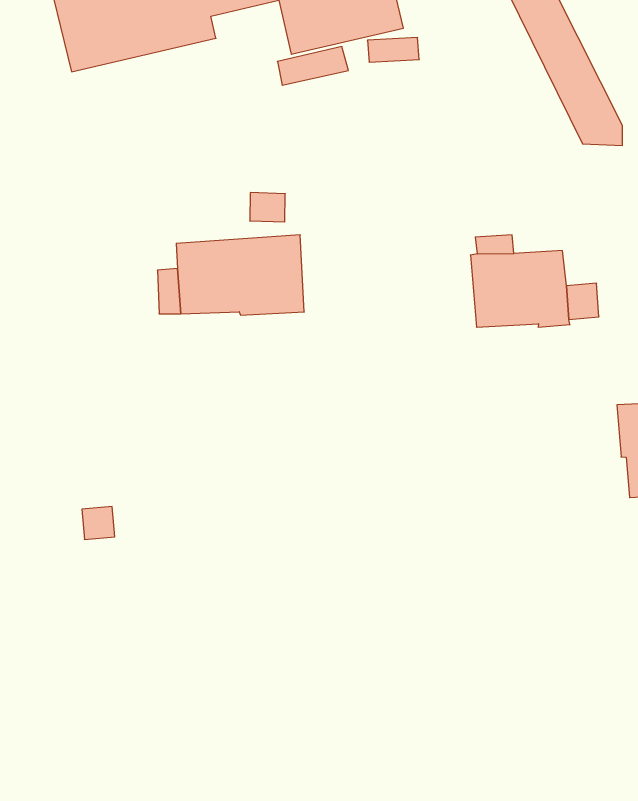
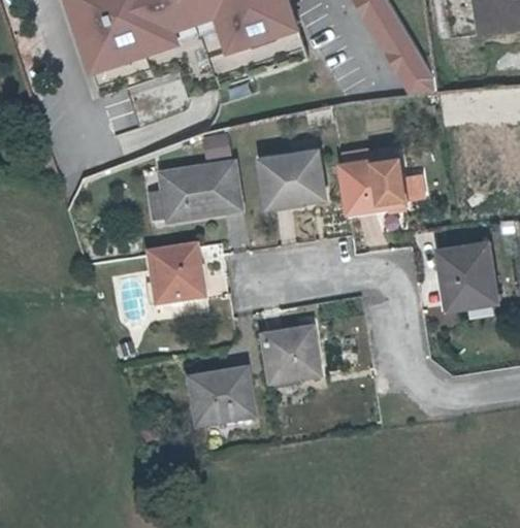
building: none -> [264,154,324,203]
building: none -> [153,246,201,301]
building: none -> [262,329,319,378]
building: none -> [191,370,252,426]

